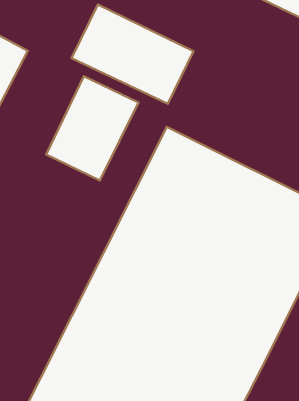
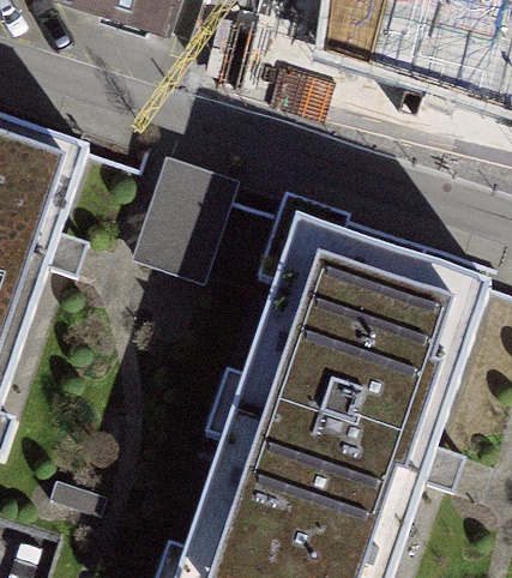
building: [72,5,193,104] -> none

